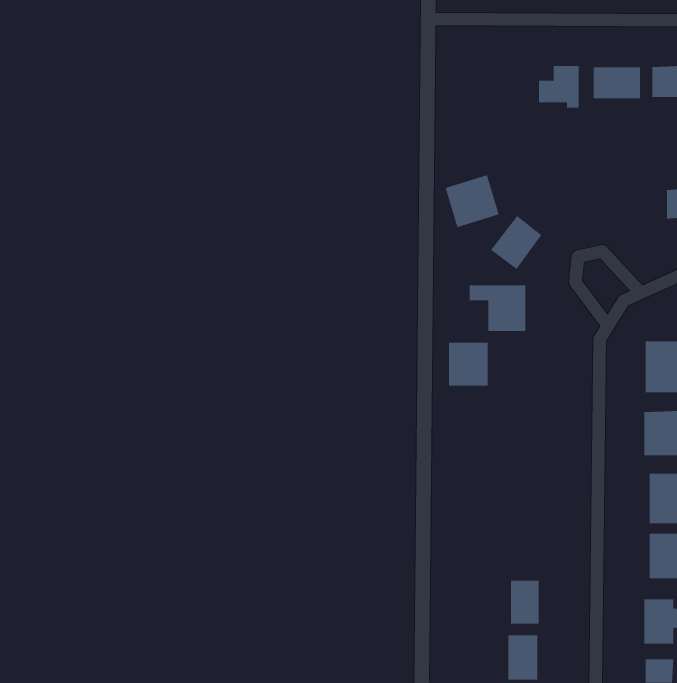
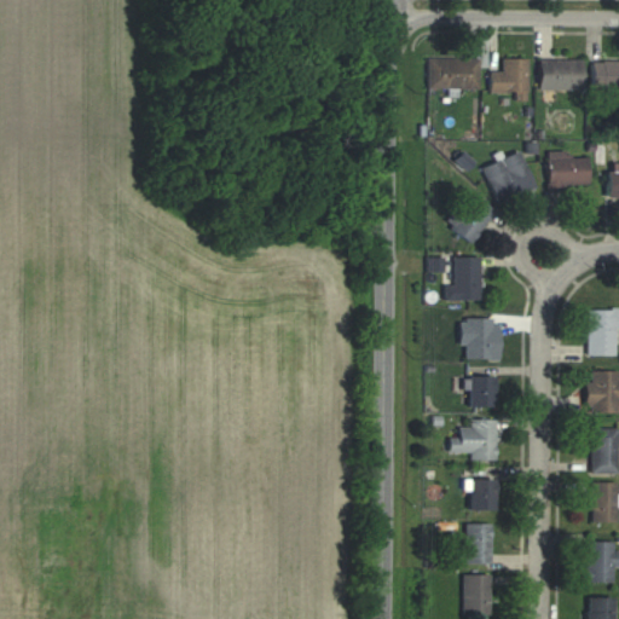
building: none -> [429,59,481,89]
building: none -> [550,154,590,186]
building: [445,174,500,228] -> [486,154,536,202]
building: [448,342,488,386] -> [463,319,499,359]
building: none -> [469,377,496,407]
building: none -> [459,420,498,462]
building: none -> [470,480,496,511]

